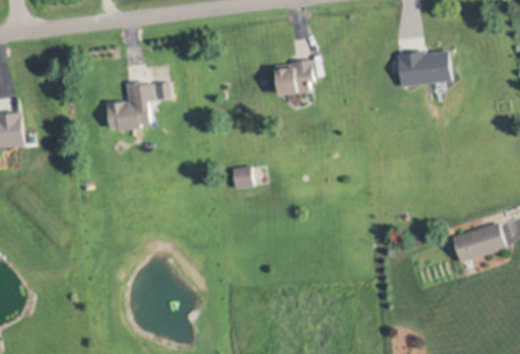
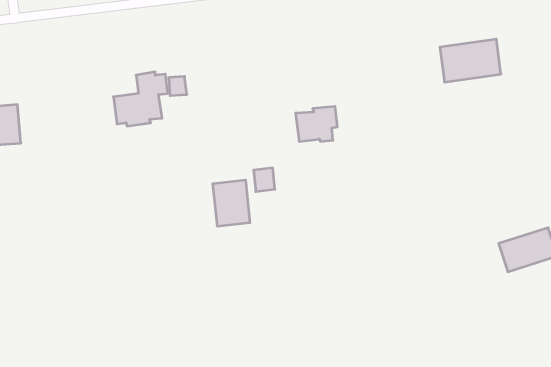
building: [274,61,312,92] -> [296,106,337,141]
building: none -> [213,180,250,226]

